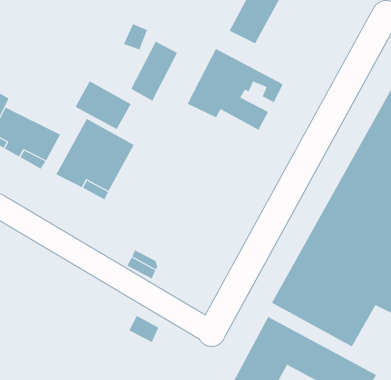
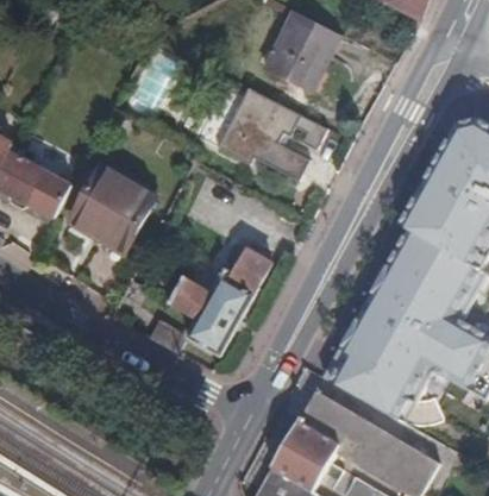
building: [131,41,178,101] -> none
building: [75,81,132,130] -> none
building: none -> [169,240,272,354]

